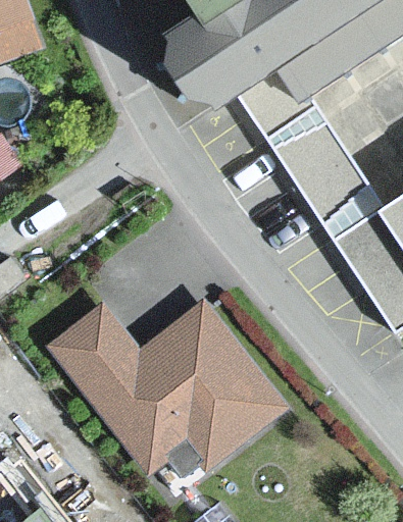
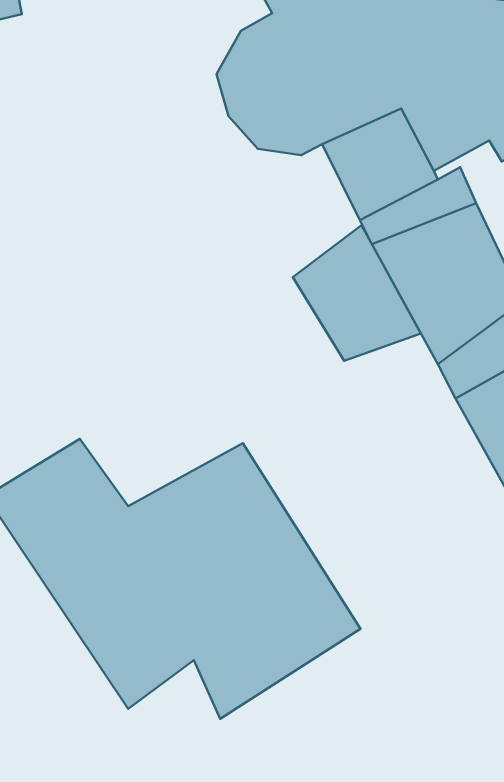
building: none -> [293,225,421,361]

